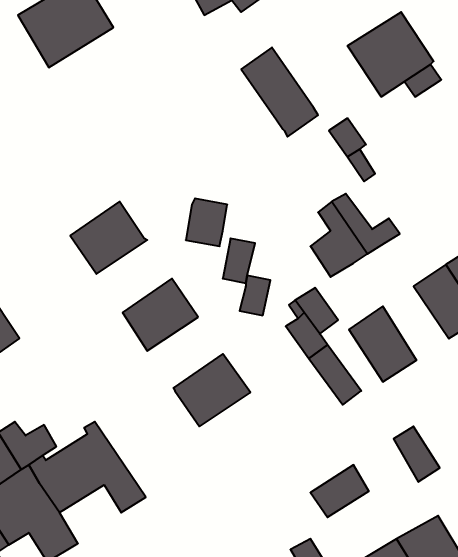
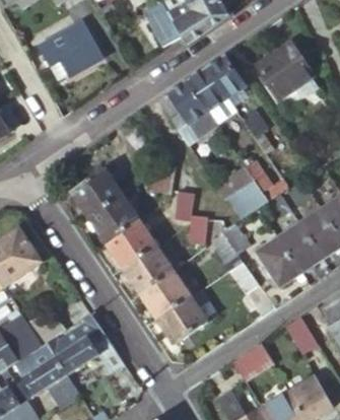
building: none -> [206,55,247,107]
building: none -> [168,81,216,144]
building: none -> [90,194,140,241]
building: none -> [279,224,323,273]
building: none -> [124,244,174,291]
building: none -> [158,294,209,343]

